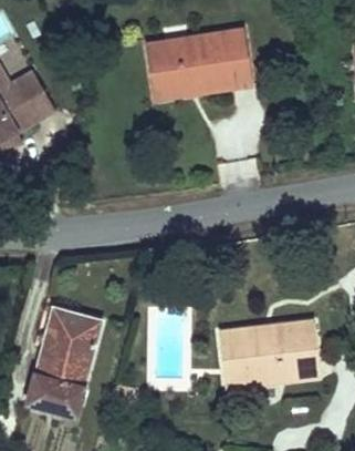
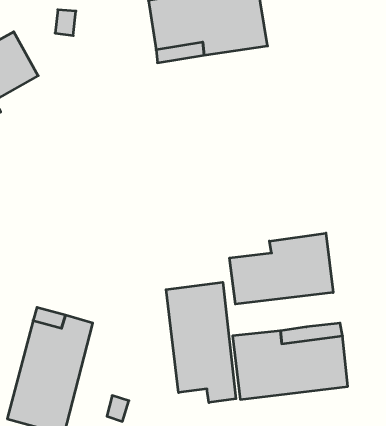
building: none -> [230,233,333,304]
building: none -> [166,282,236,403]

